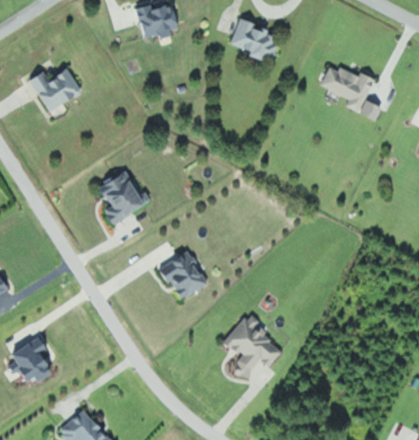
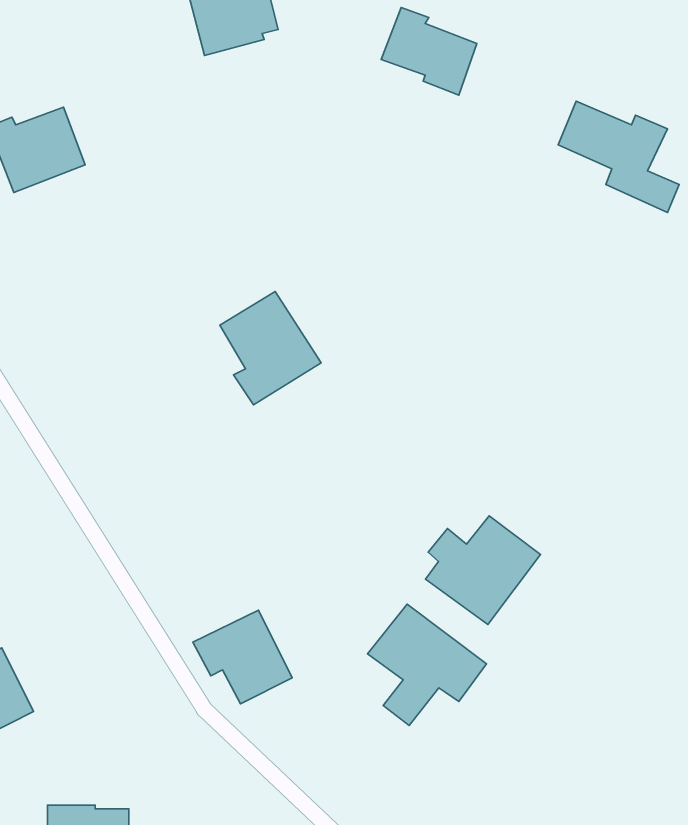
building: [96,168,147,226] -> [220,291,321,405]
building: [156,252,206,299] -> [193,610,292,704]
building: none -> [426,516,540,625]

